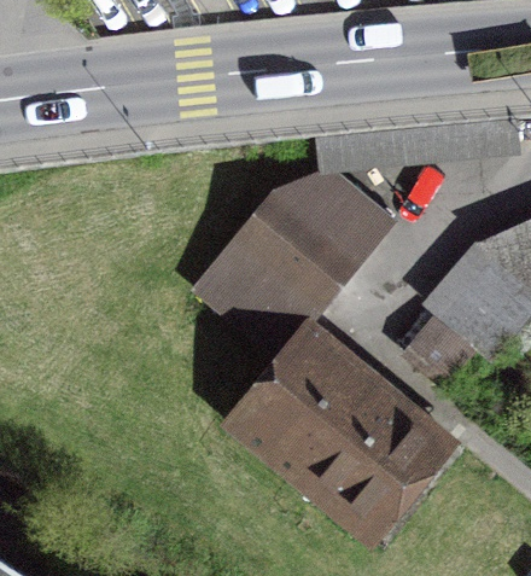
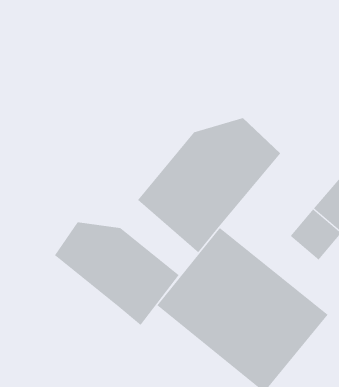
building: none -> [54,222,180,326]

